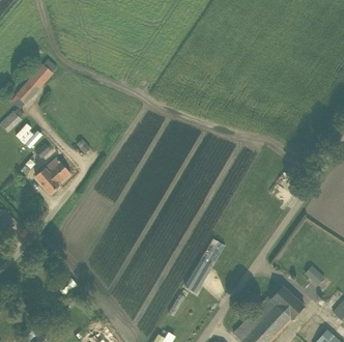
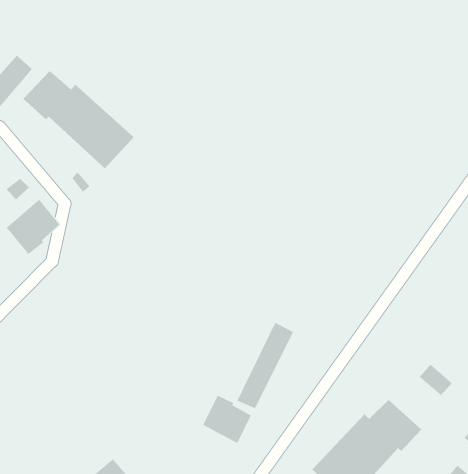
building: none -> [23,70,134,169]
building: none -> [202,395,251,444]

